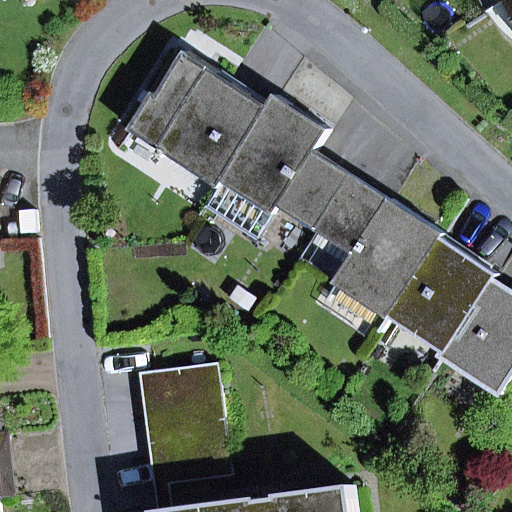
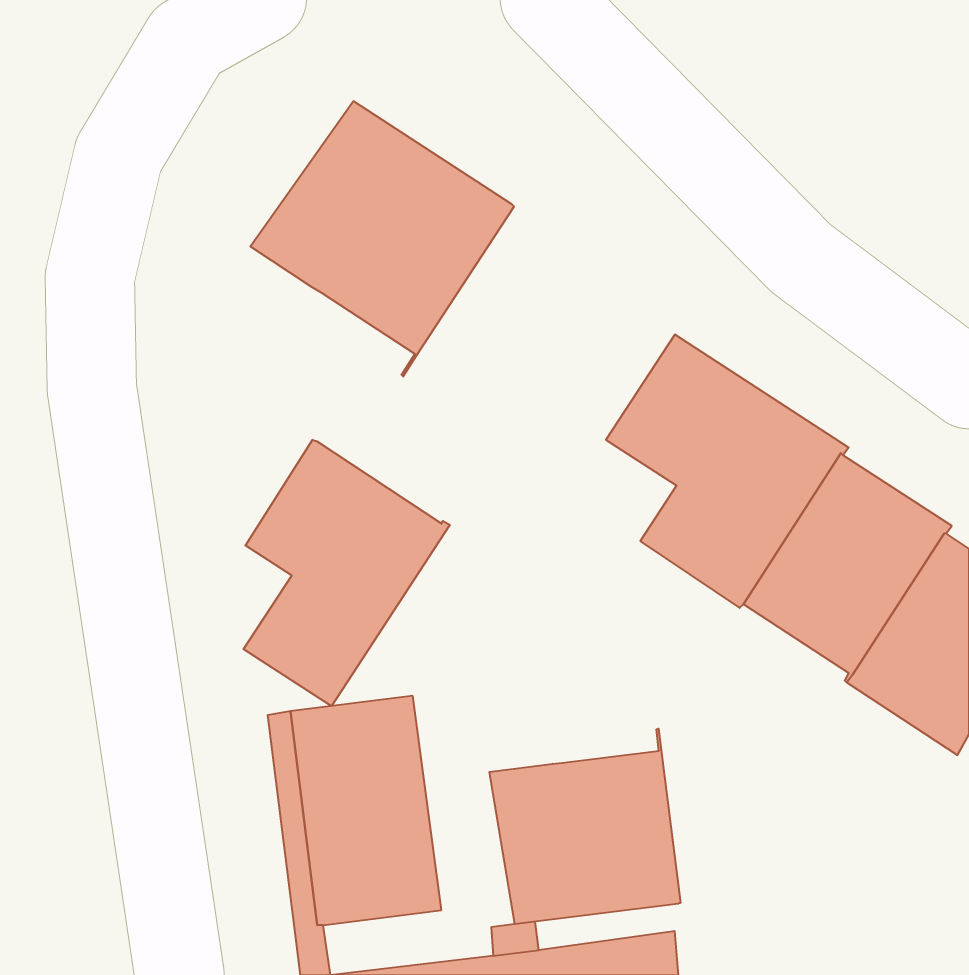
building: [206,95,353,240] -> none
building: none -> [244,440,450,706]
building: none -> [489,729,680,924]

